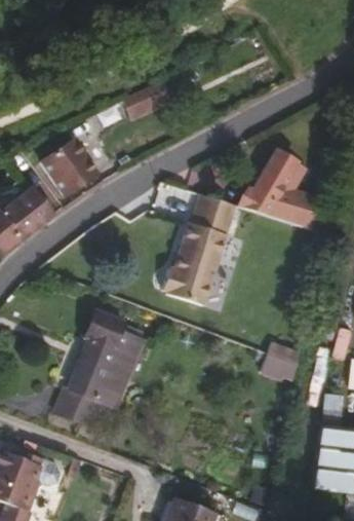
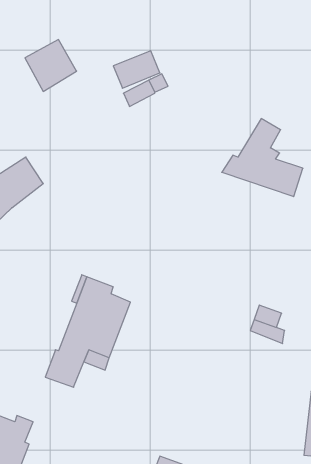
building: [45,145,97,197] -> [25,40,77,91]
building: [159,193,233,306] -> none

